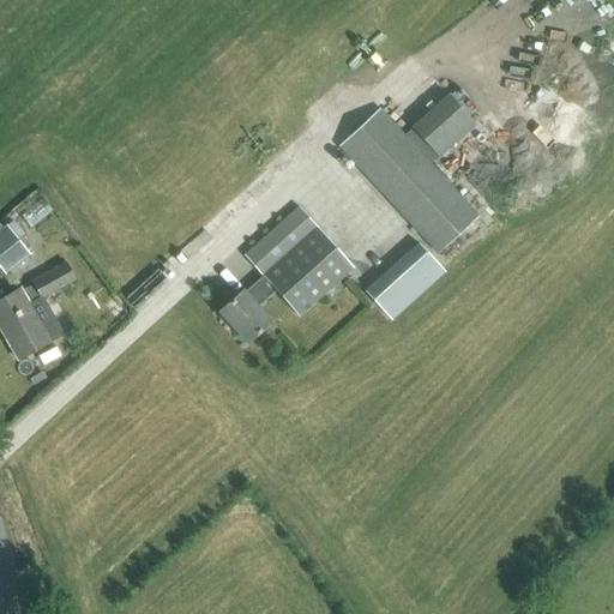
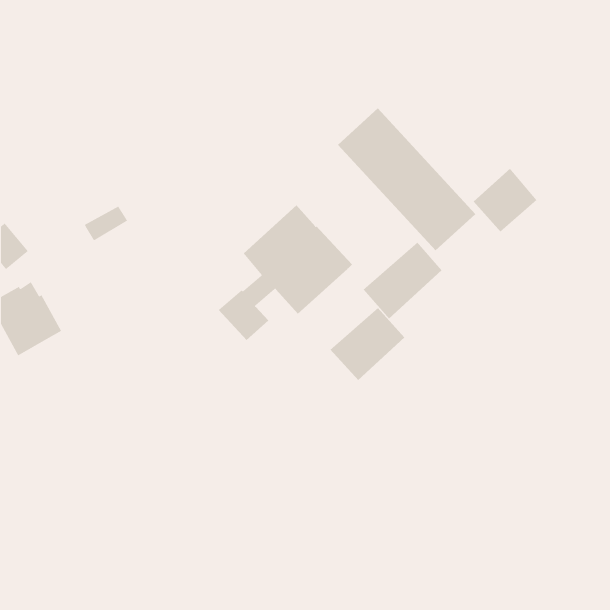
building: [411,92,476,157] -> [473,168,538,232]
building: [31,260,76,296] -> [84,205,128,241]
building: none -> [330,307,405,381]

